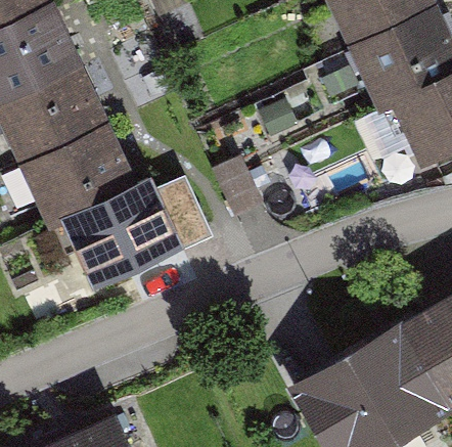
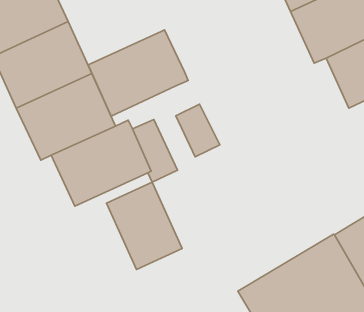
building: none -> [88,30,188,116]
building: none -> [106,182,182,269]

